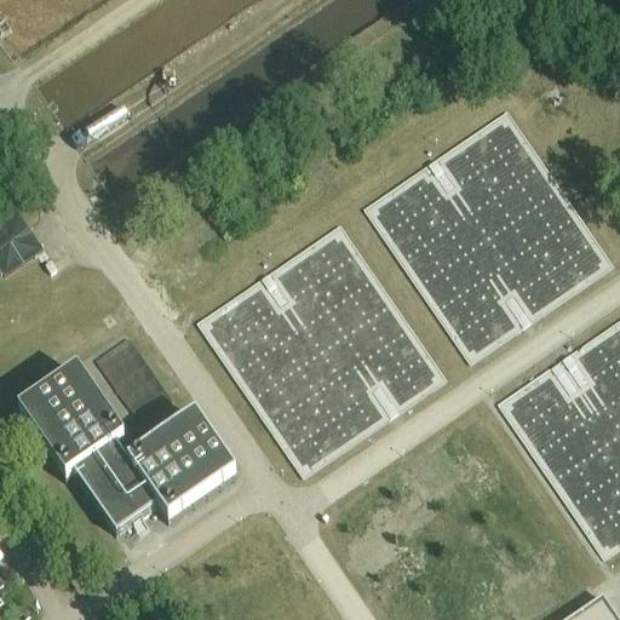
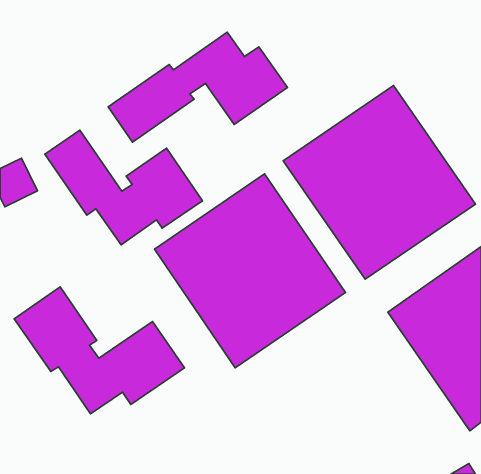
building: none -> [108,32,288,142]
building: none -> [45,130,203,245]

